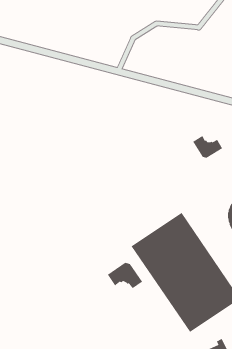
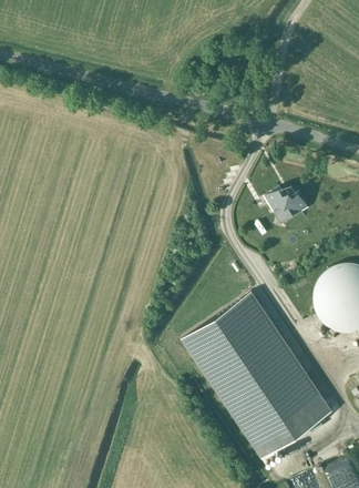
building: [107,262,143,289] -> none

